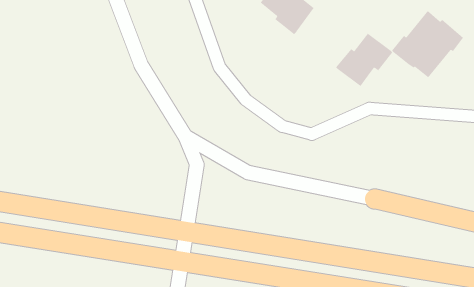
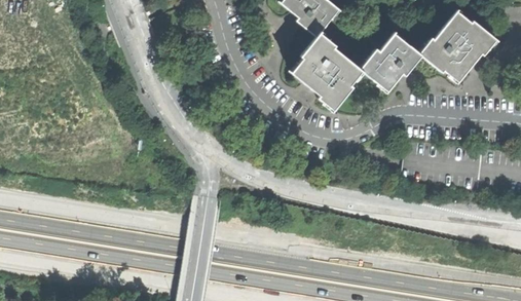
building: none -> [293,34,363,111]

